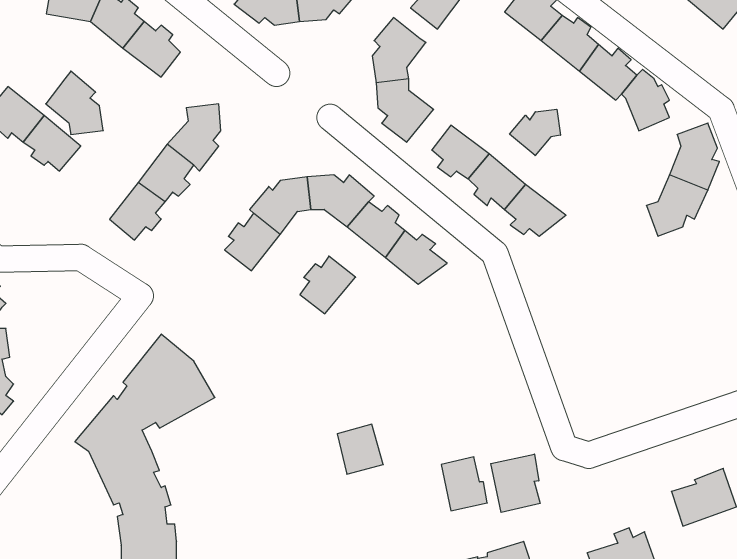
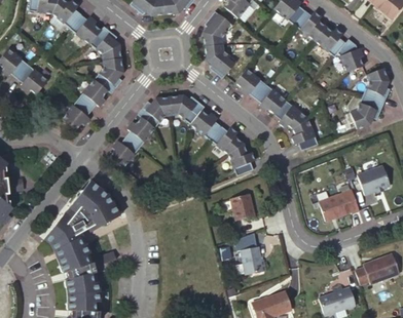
building: [46,71,103,134] -> [90,26,121,59]
building: [510,109,560,156] -> none
building: none -> [291,117,318,150]
building: [300,256,356,314] -> [109,135,139,166]
building: none -> [228,143,255,175]
building: none -> [358,165,390,194]
building: none -> [319,189,360,221]
building: [337,424,383,474] -> [230,194,255,221]
building: [491,454,540,512] -> none

